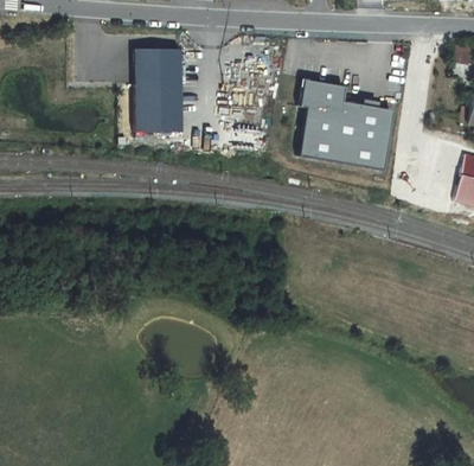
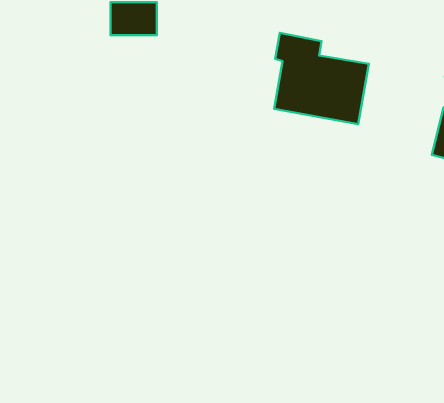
building: [135,81,181,130] -> none

